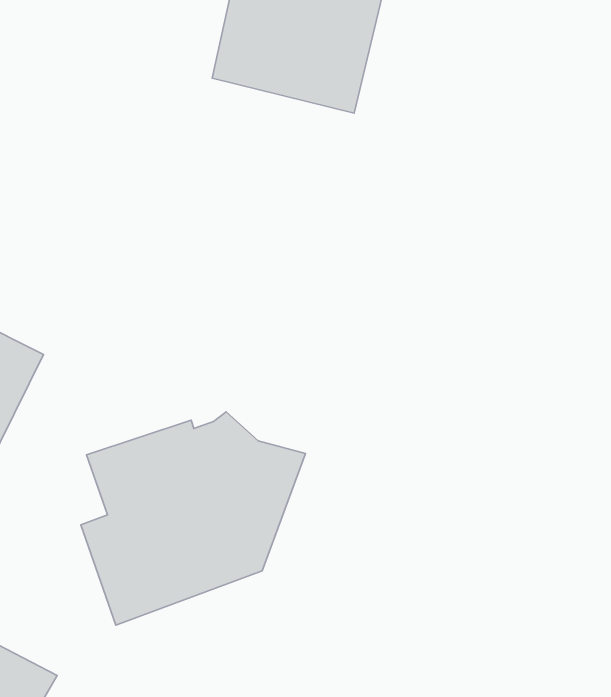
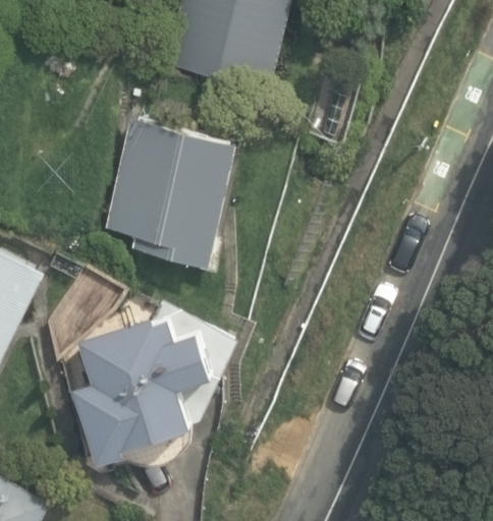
building: none -> [106,120,234,273]

